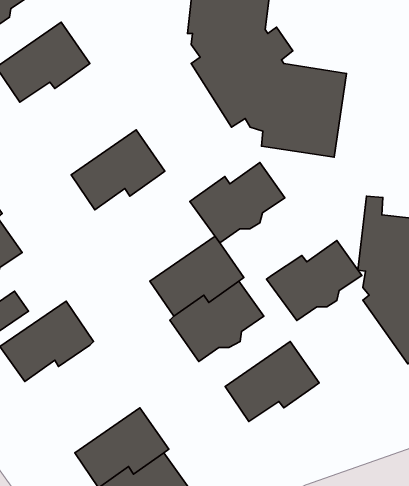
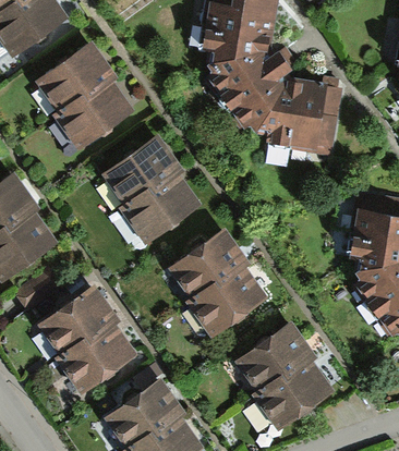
building: none -> [52,81,134,150]
building: [190,163,285,243] -> [117,174,200,244]
building: [267,240,362,321] -> [251,358,334,428]
building: none -> [56,322,138,393]

